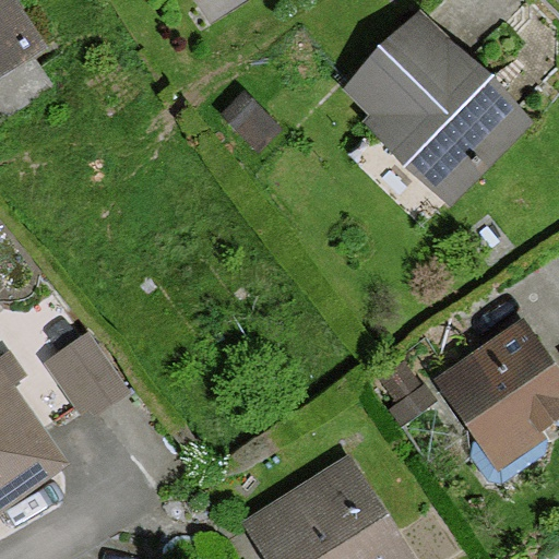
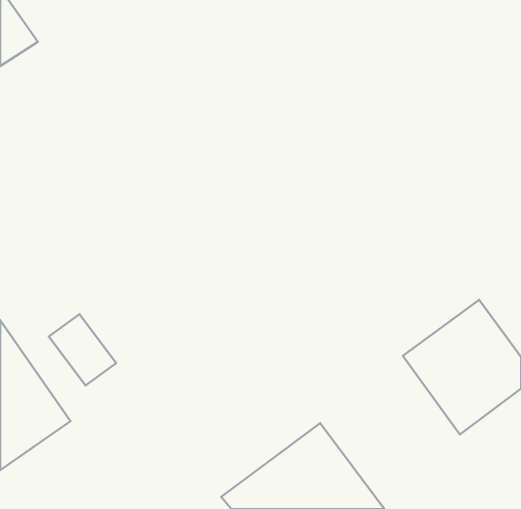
building: [342,13,532,206] -> none

